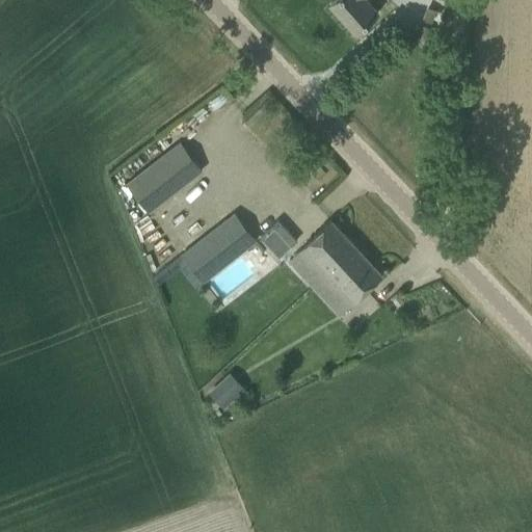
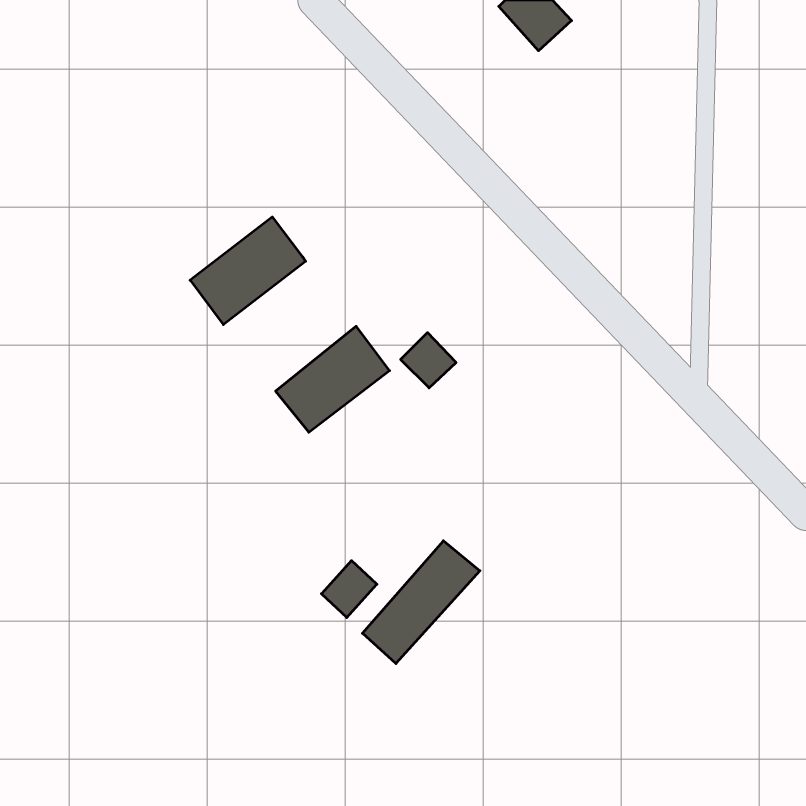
building: [286,221,380,308] -> none
building: none -> [362,541,480,664]

